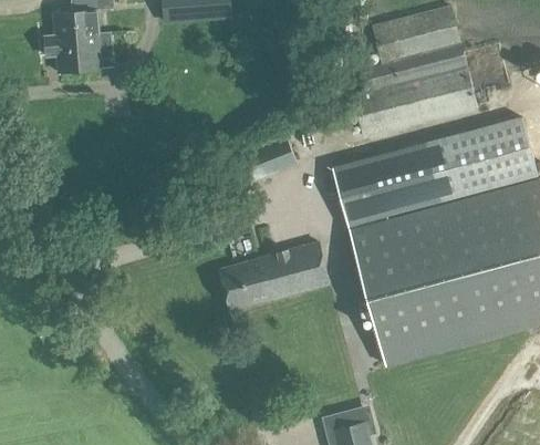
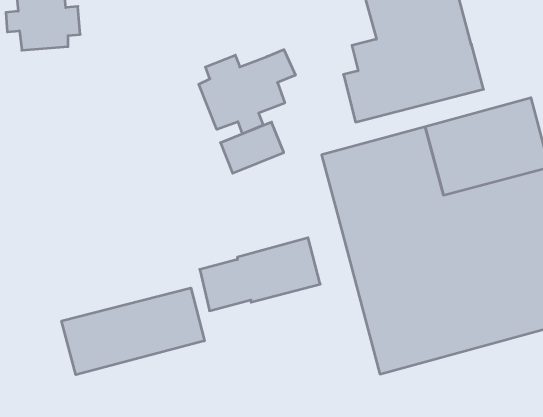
building: none -> [199,50,295,134]
building: none -> [62,288,204,375]

